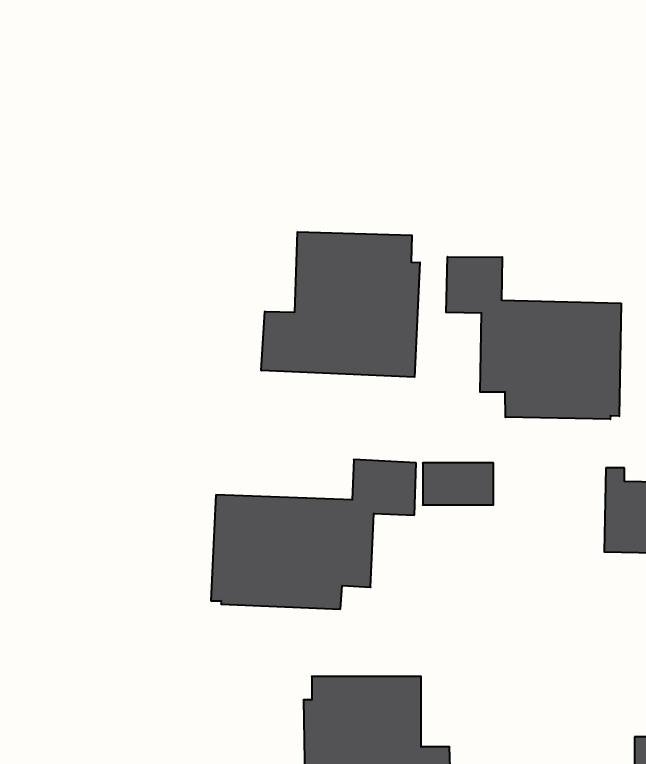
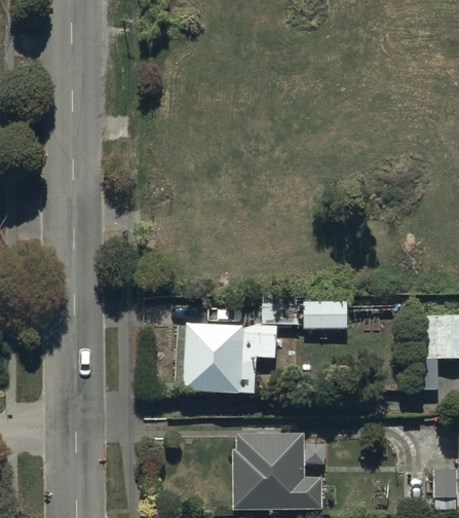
building: [261,232,420,377] -> none
building: [446,257,621,419] -> none

